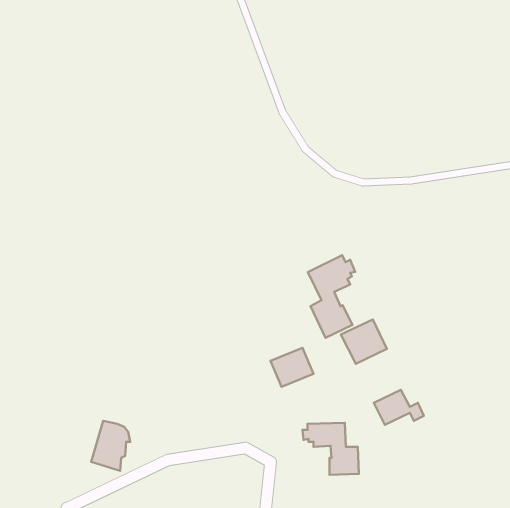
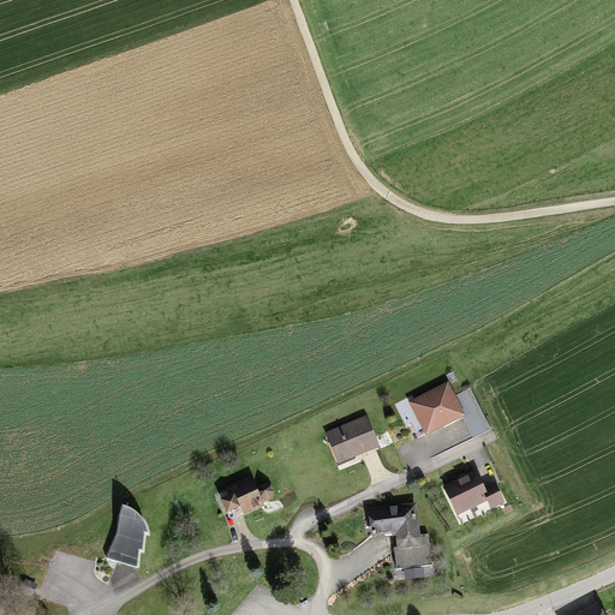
building: [308,255,355,338] -> none
building: none -> [217,477,262,515]

